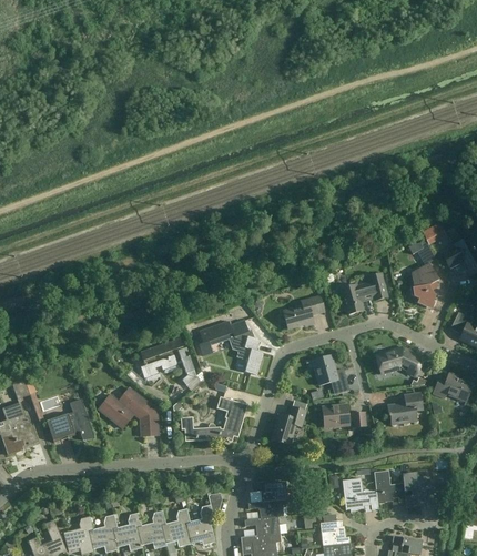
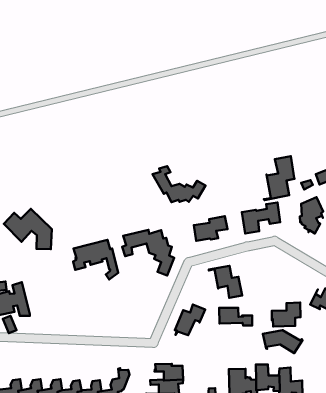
building: none -> [264,156,295,200]
building: none -> [153,166,206,202]
building: [375,348,424,375] -> [263,330,303,353]
building: [99,387,159,435] -> [4,209,52,249]
building: [180,397,246,443] -> none

